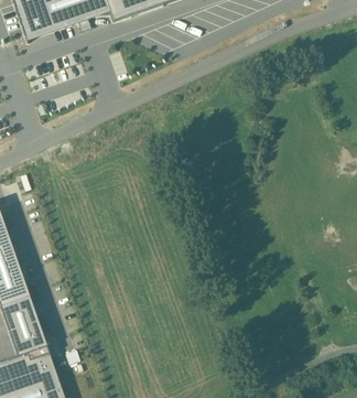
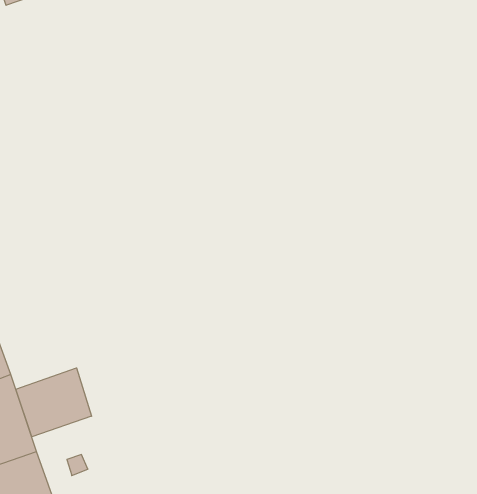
building: none -> [16,368,92,437]

